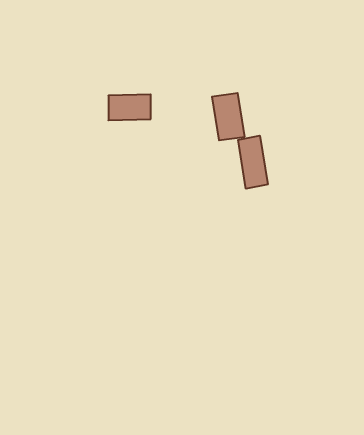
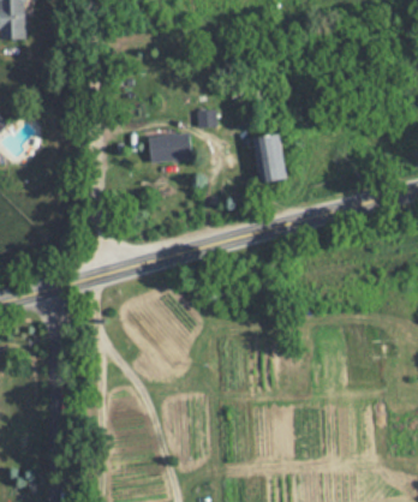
building: [238,136,268,189] -> none

